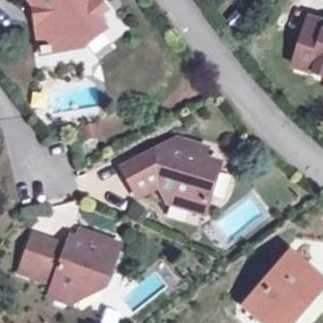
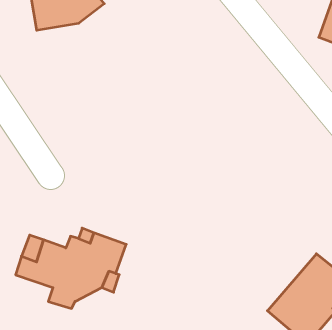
building: [123,137,218,211] -> none

